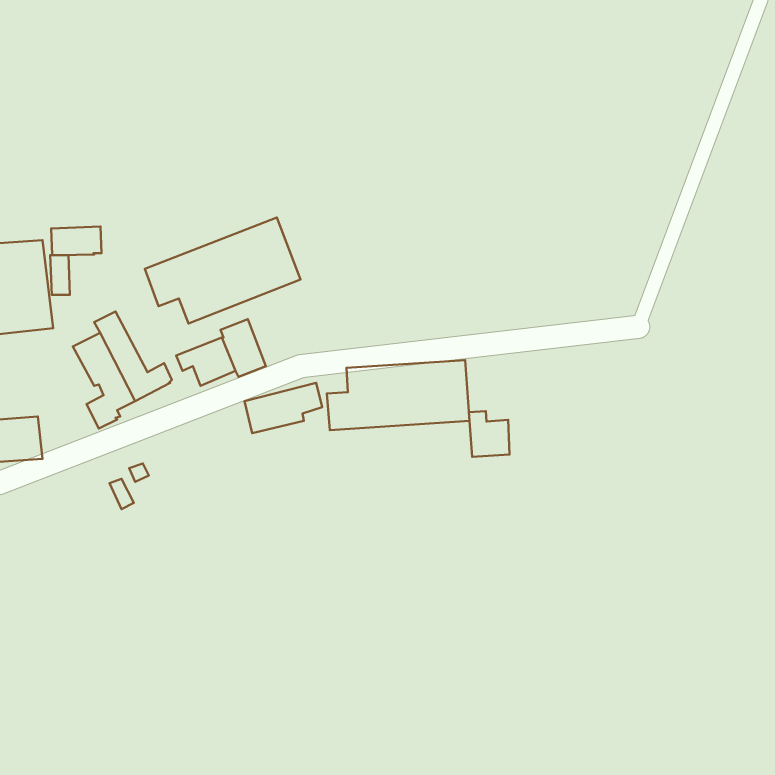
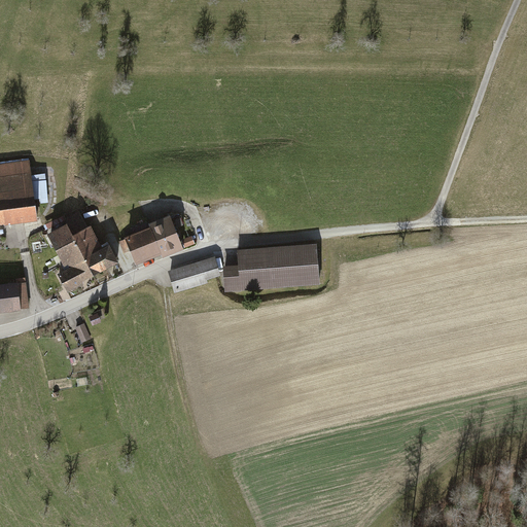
building: [145,217,300,323] -> none
building: [51,226,102,255] -> none
building: [469,411,510,457] -> none

